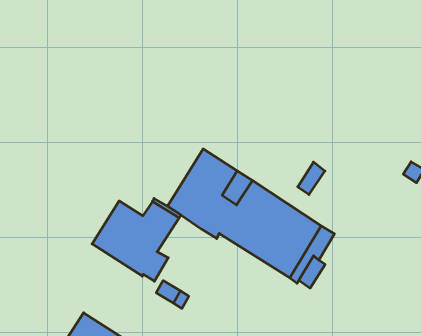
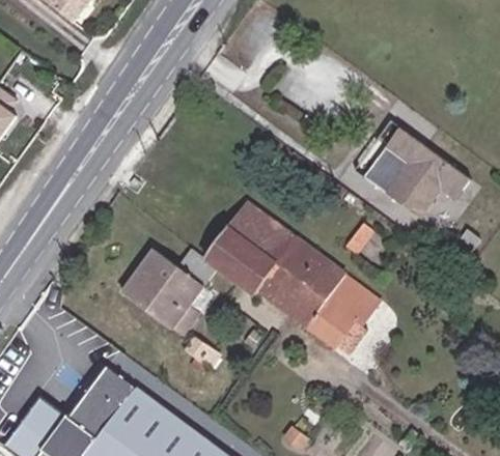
building: none -> [362,130,469,219]

